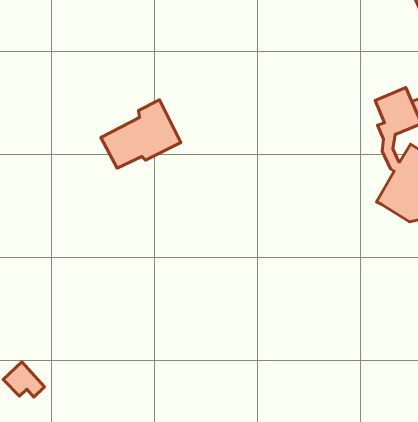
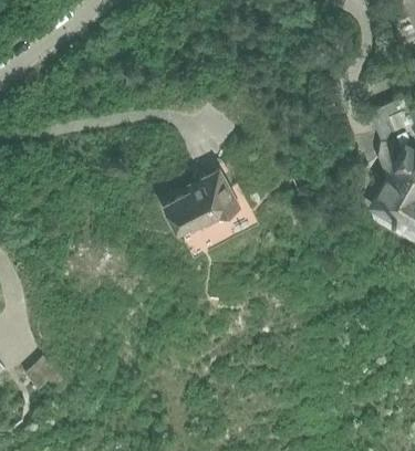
building: [101,100,181,168] -> [164,171,239,235]

